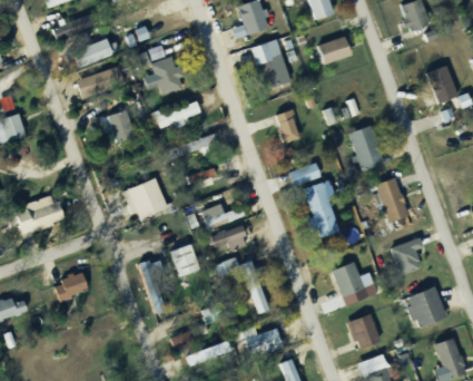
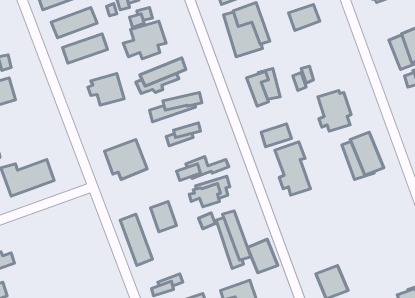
building: [388,236,424,276] -> none
building: [332,261,364,296] -> [247,239,278,273]
building: [56,272,87,302] -> none
building: [406,286,445,328] -> none

